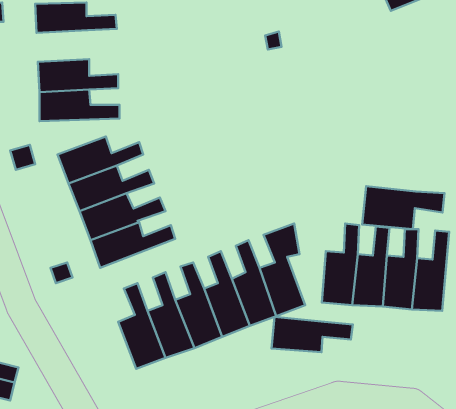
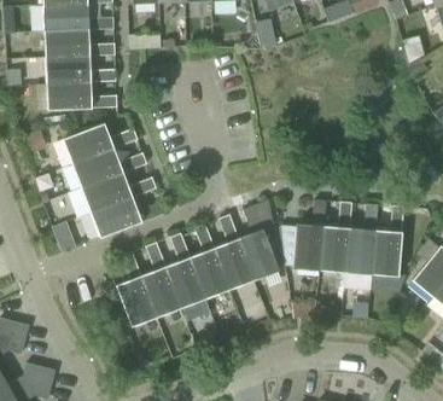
building: none -> [45,30,116,58]
building: [362,186,445,229] -> none
building: [272,317,353,352] -> none

